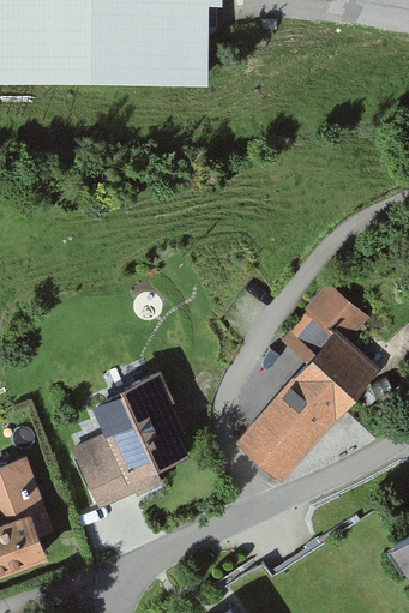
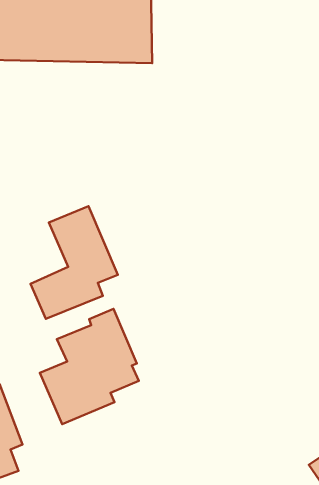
building: none -> [30,206,118,319]
building: [234,281,381,485] -> none

